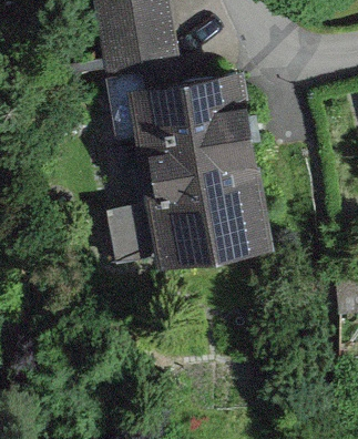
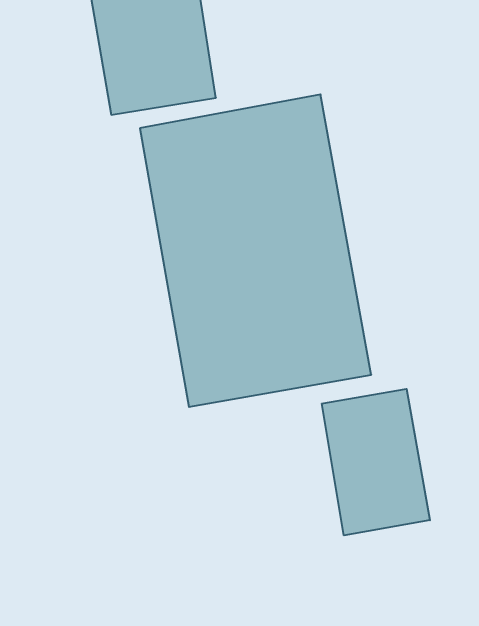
building: none -> [322,389,430,535]

